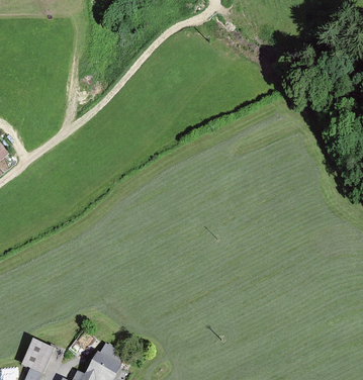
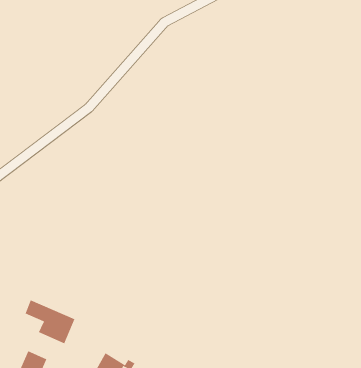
building: none -> [25,299,75,344]

